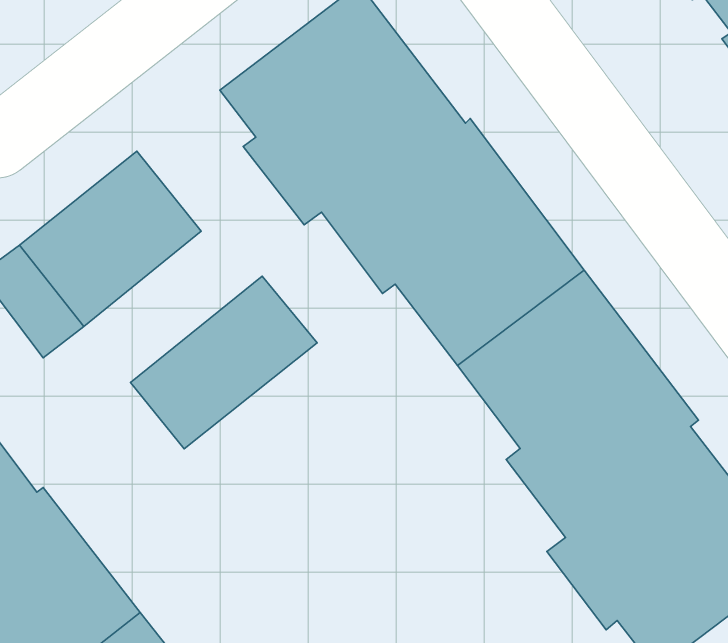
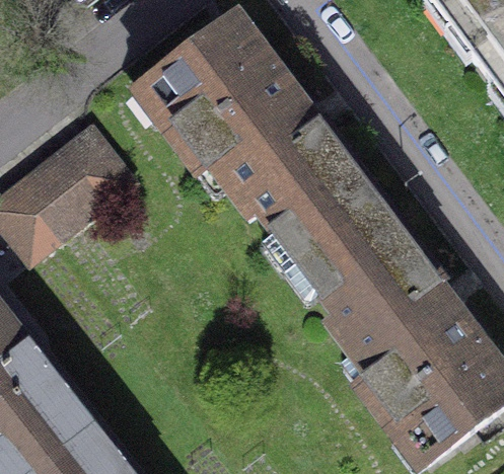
building: [131,276,317,449] -> none

